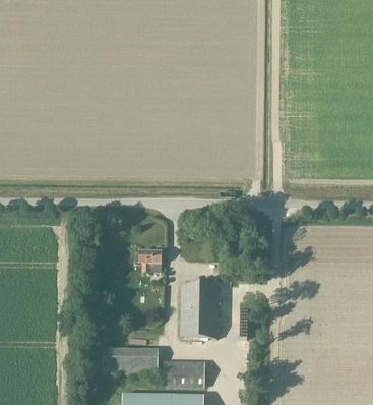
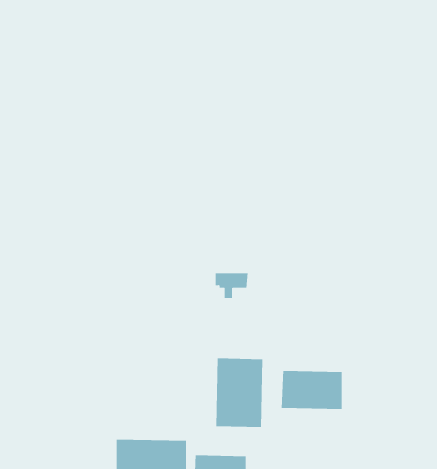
building: [136,250,163,271] -> [215,273,248,299]
building: none -> [281,370,342,410]

